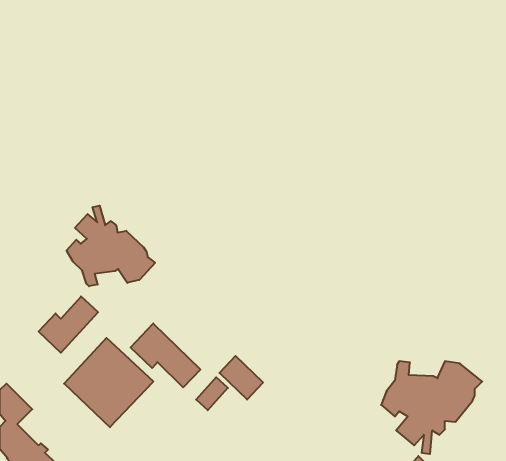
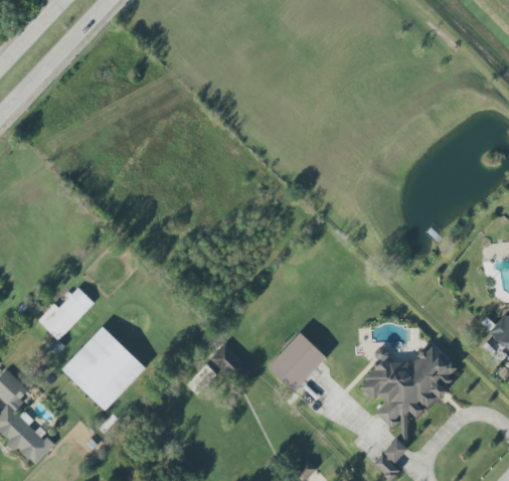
building: [67,206,155,286] -> none
building: [131,323,200,387] -> none
building: none -> [267,332,326,391]

